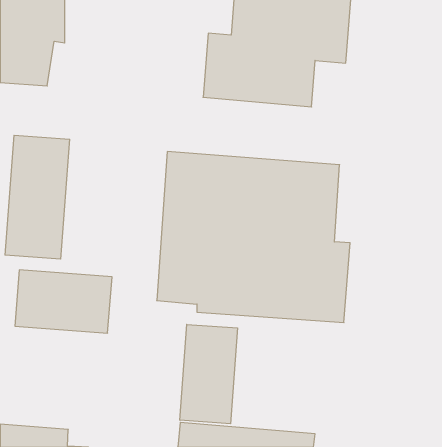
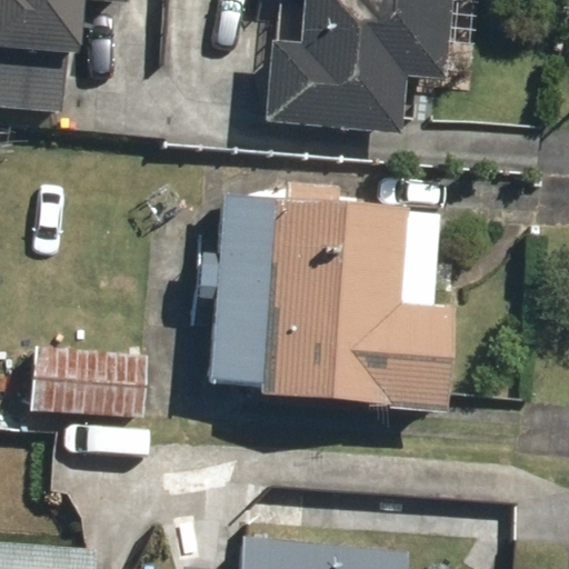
building: [5,135,70,259] -> none
building: [180,324,237,424] -> none

